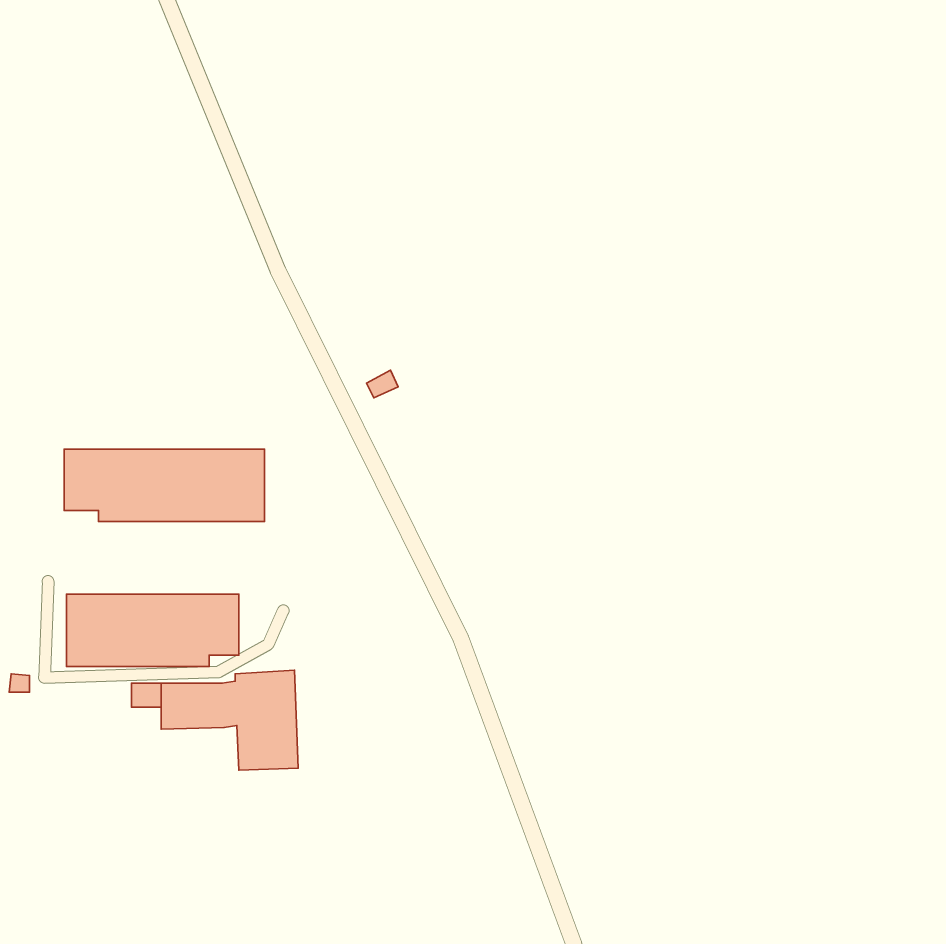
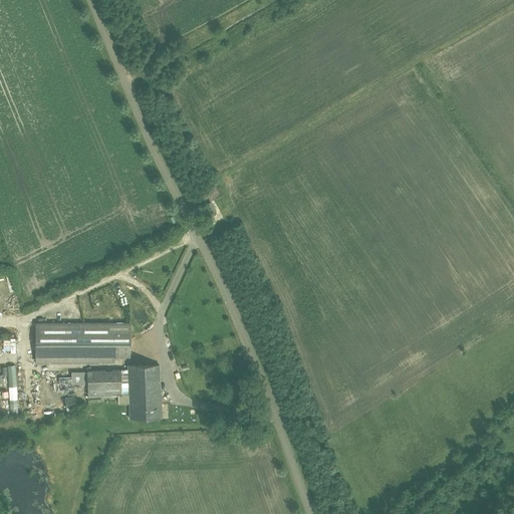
building: [64,449,265,522] -> none

